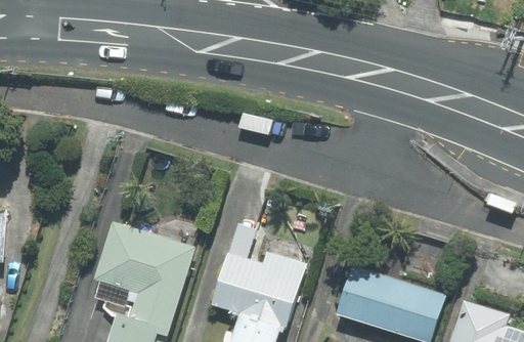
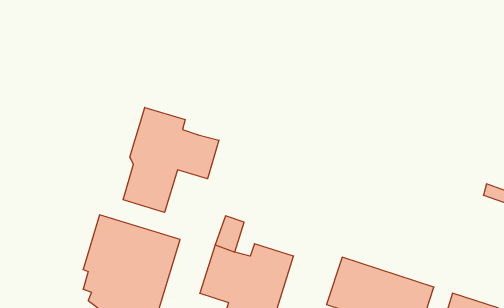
building: none -> [123,107,219,212]

